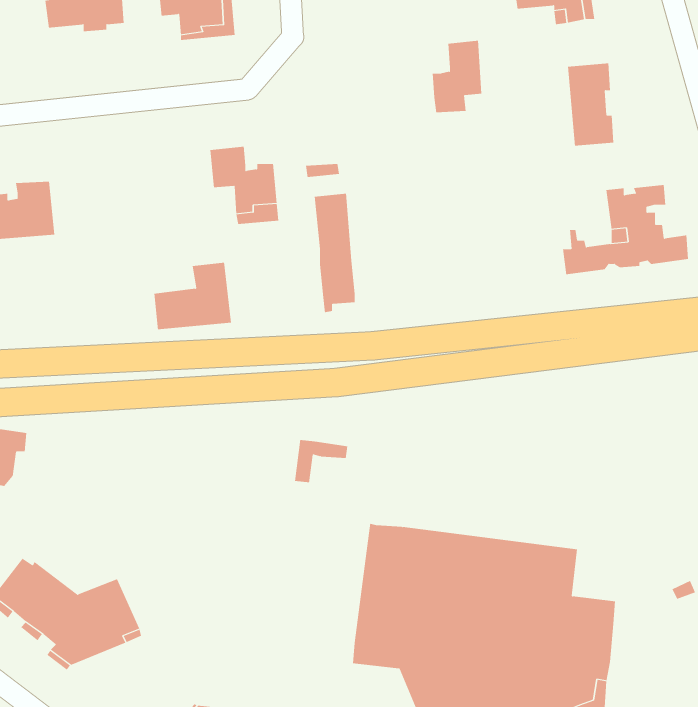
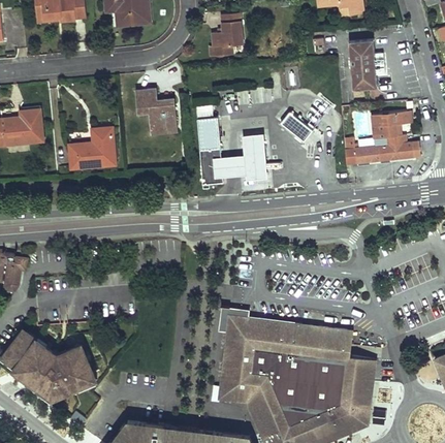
building: [432,40,482,113] -> [211,13,241,57]
building: none -> [280,114,312,144]
building: none -> [219,135,266,181]
building: [154,262,232,330] -> [68,129,115,169]
building: [294,439,348,483] -> [218,305,250,330]

